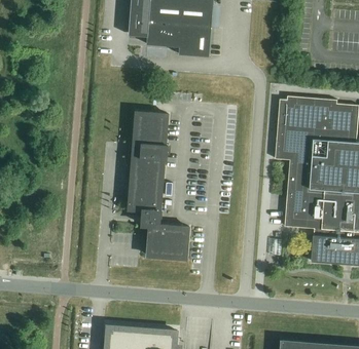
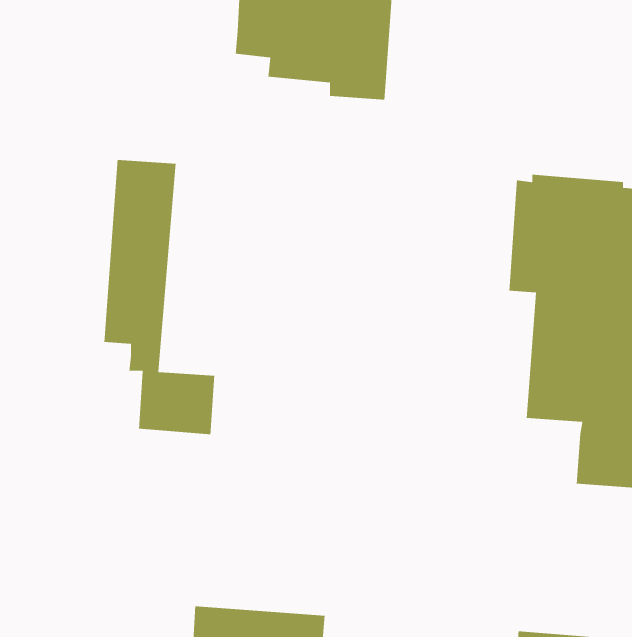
building: [129,113,188,260] -> [103,159,215,435]

